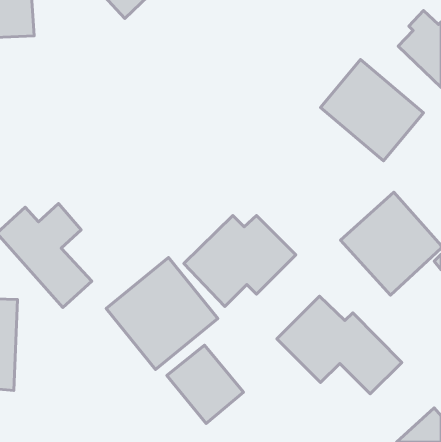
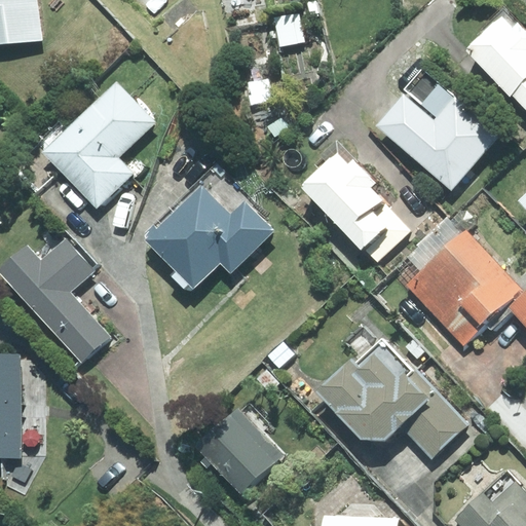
building: none -> [44,80,155,206]
building: none -> [304,156,410,263]
building: [184,216,296,306] -> [145,183,276,290]
building: [106,257,218,369] -> none

